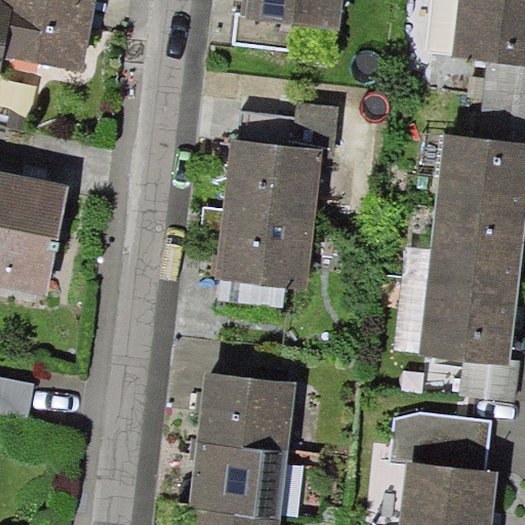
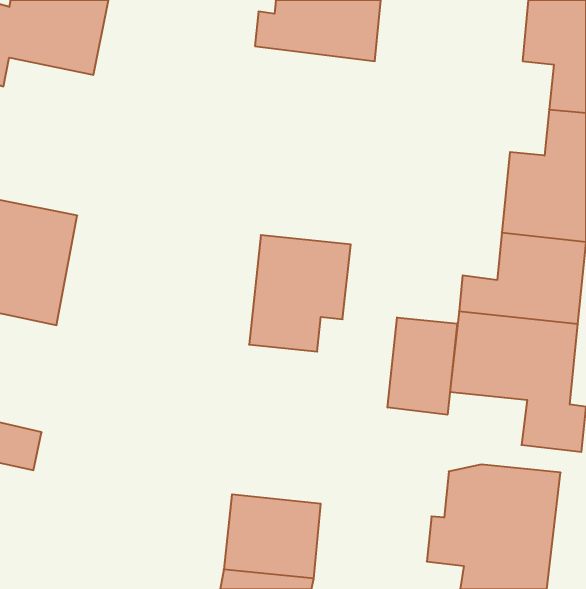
building: [232,111,338,217] -> none
building: none -> [388,317,457,415]
building: [206,373,292,448] -> none

